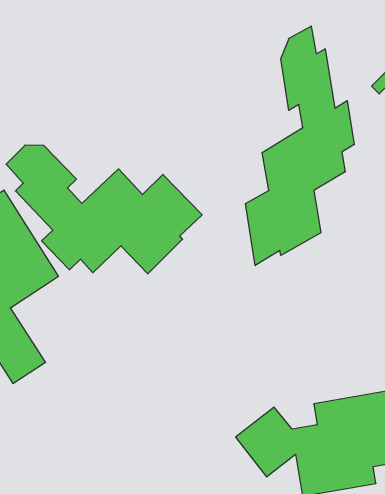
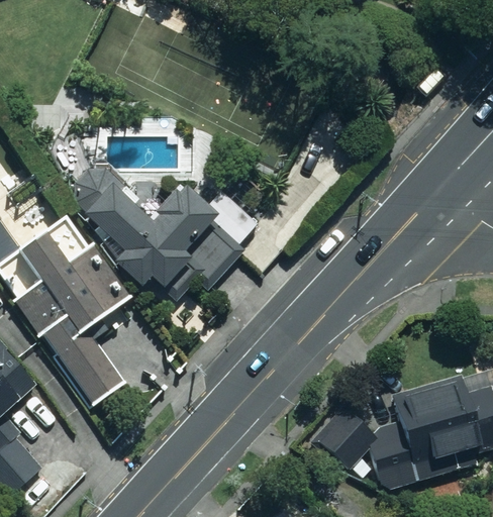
building: [246,26,354,266] -> none

